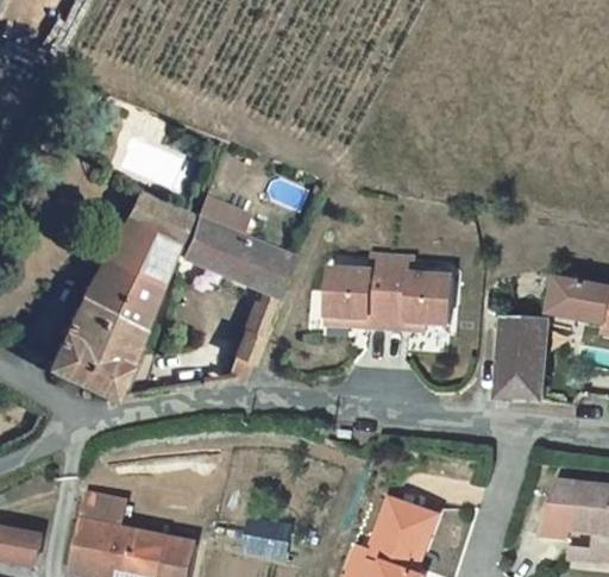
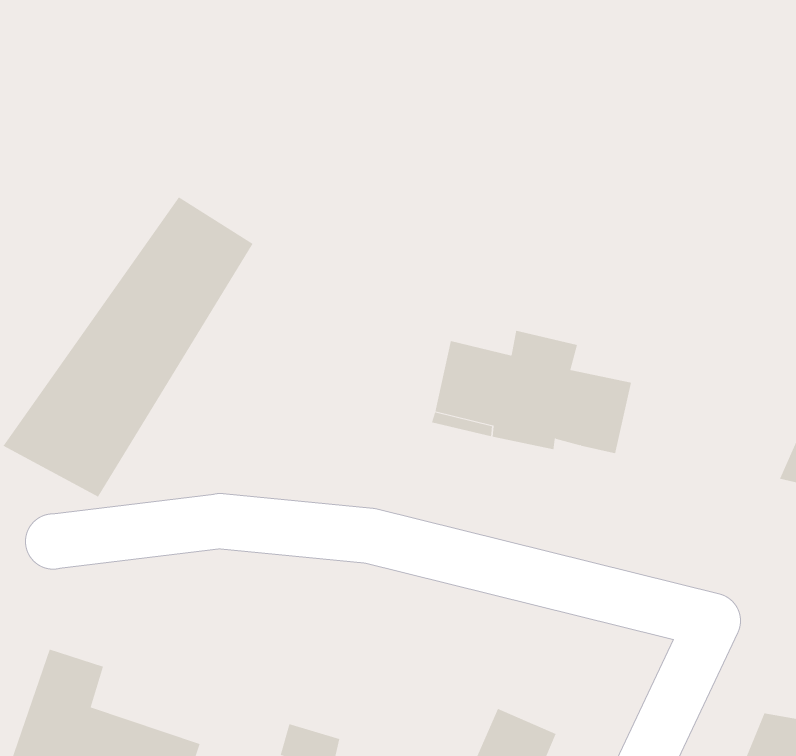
building: [182,197,295,378] -> none
building: [497,325,550,406] -> none

